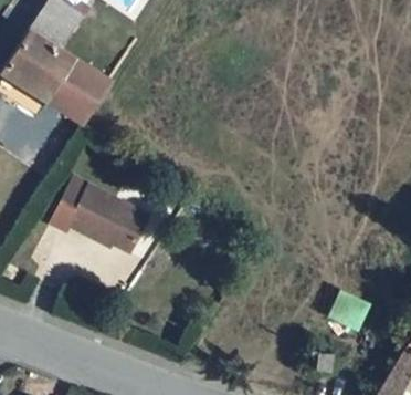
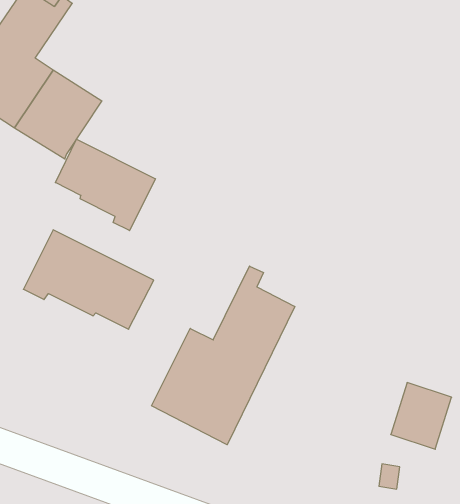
building: none -> [55,139,155,231]
building: none -> [152,266,295,445]

